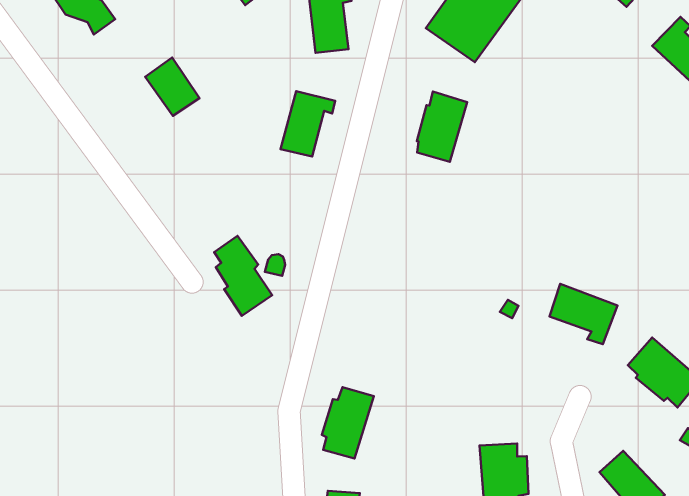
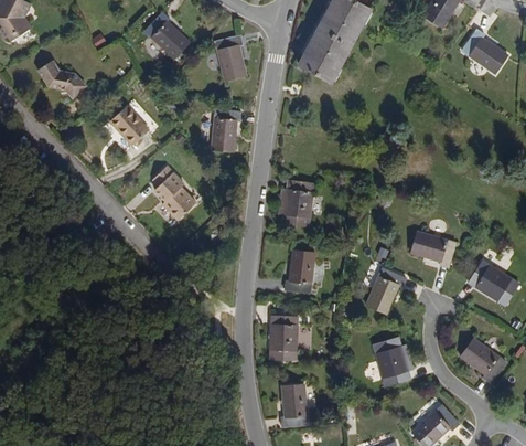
building: [417,91,467,162] -> [282,179,313,225]
building: [214,236,272,316] -> [152,167,195,221]
building: none -> [283,248,315,294]
building: none -> [362,274,404,320]

